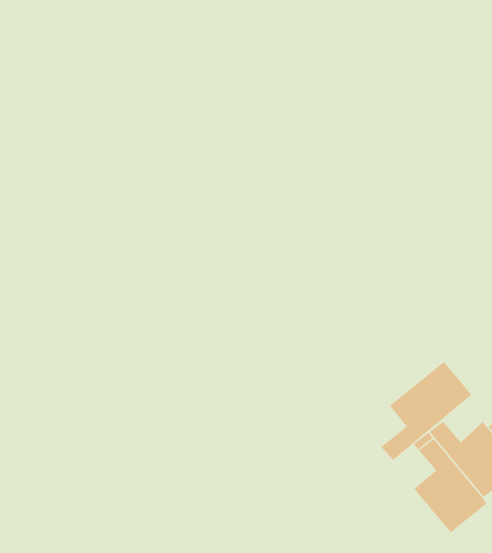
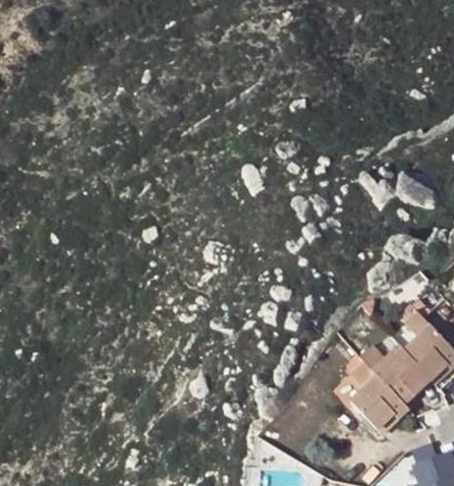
building: [380,361,472,461] -> none

